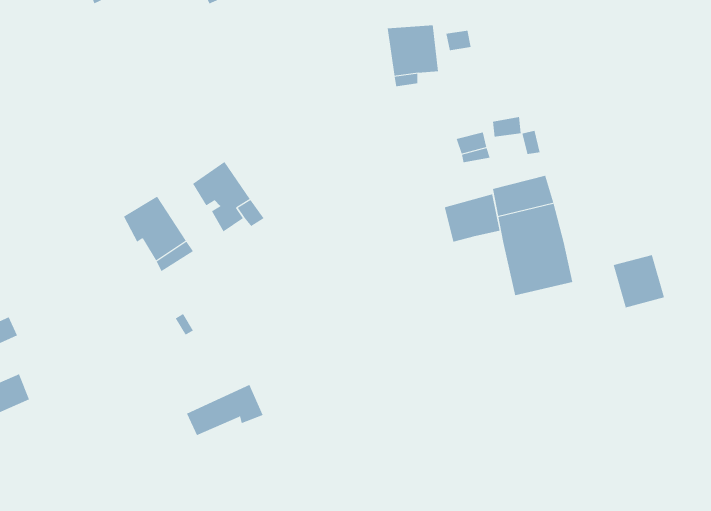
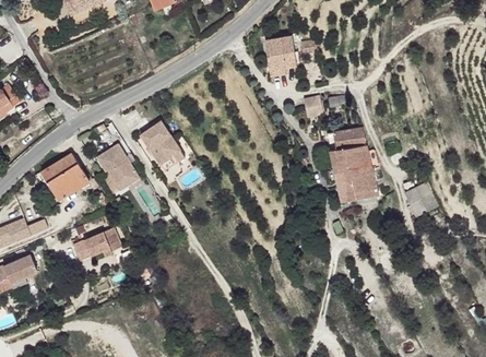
building: [444,194,500,242] -> none
building: none -> [43,153,97,199]
building: [186,384,264,436] -> [73,228,122,261]

